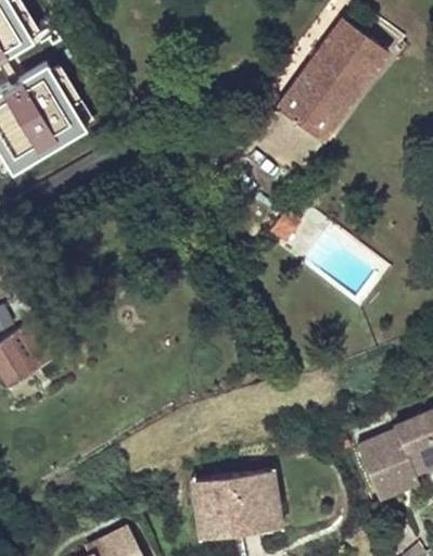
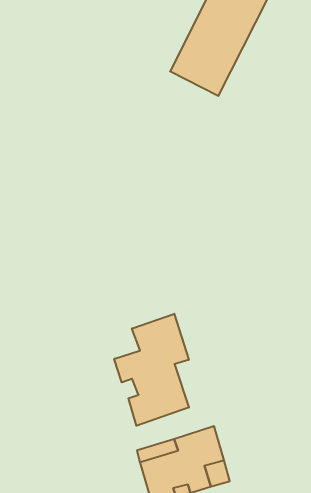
building: none -> [114,314,189,426]

